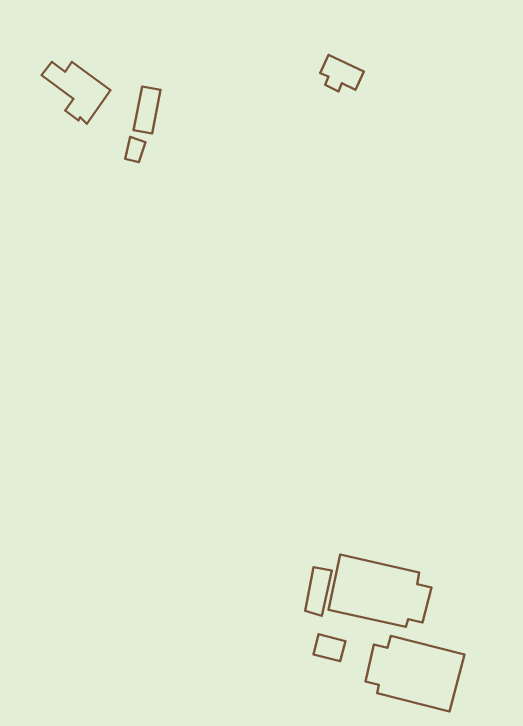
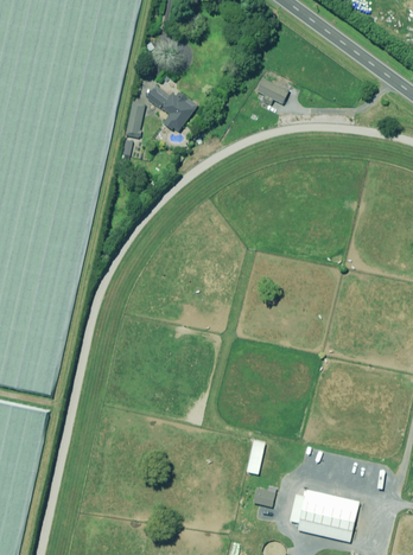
building: [42,62,111,124] -> [146,88,195,132]
building: [328,555,431,627] -> none

